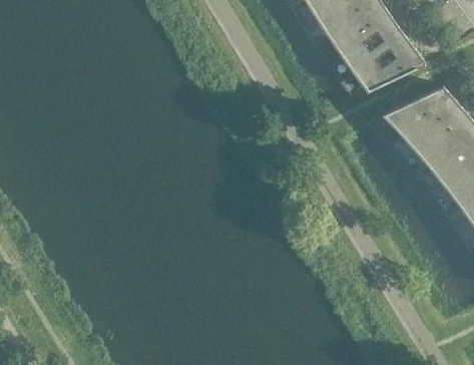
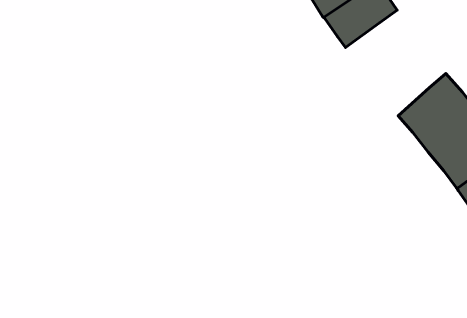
building: [352,32,425,90] -> none
building: [383,86,449,134] -> none

